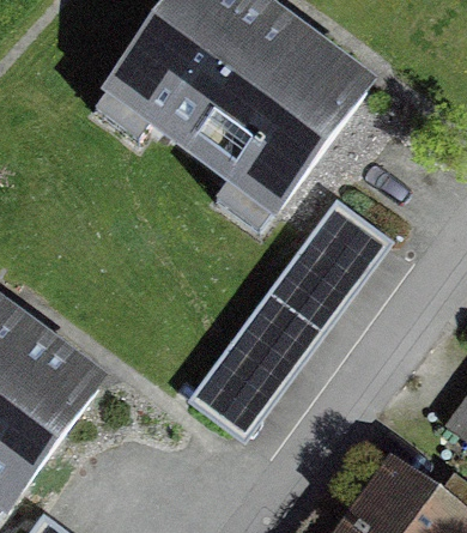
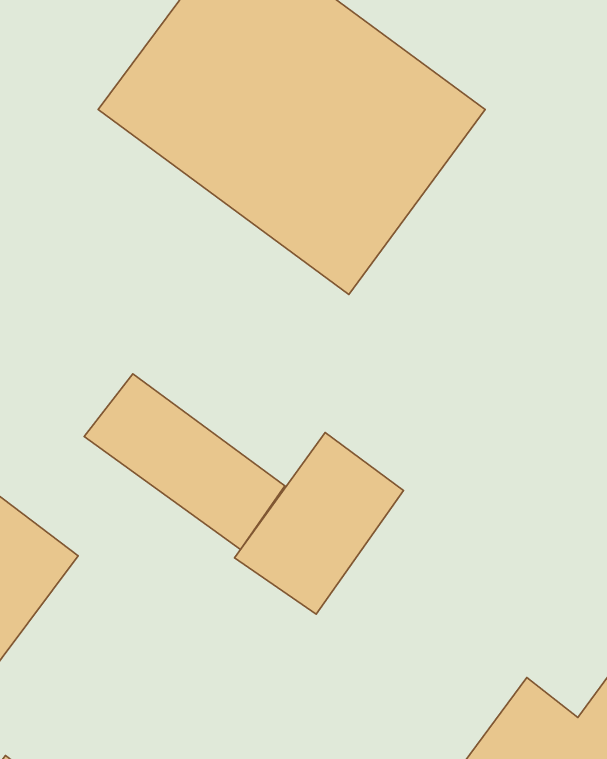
building: [259,206,383,343] -> none
building: none -> [84,374,285,550]

